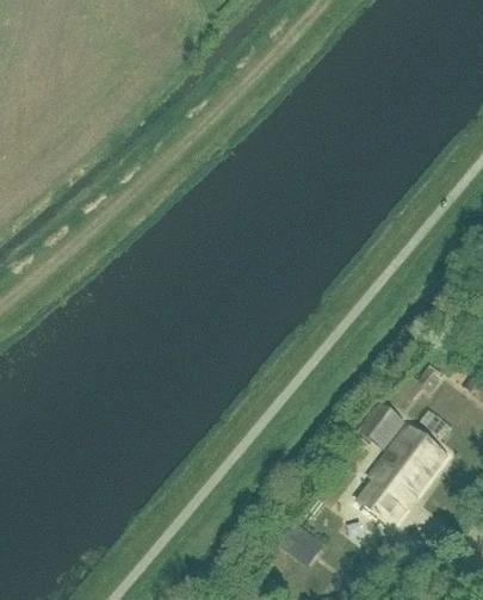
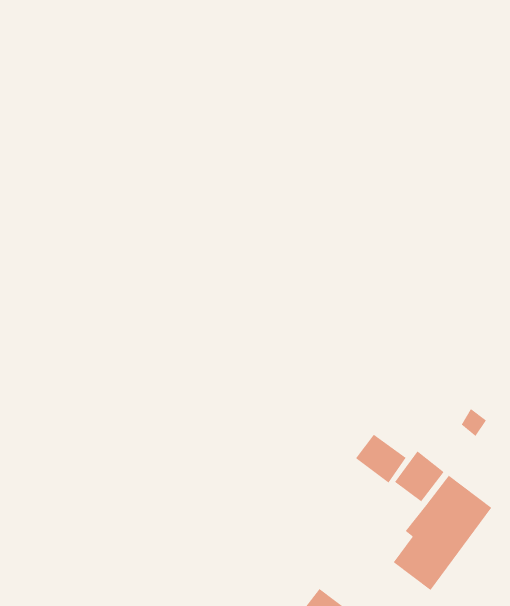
building: none -> [355,434,406,484]

